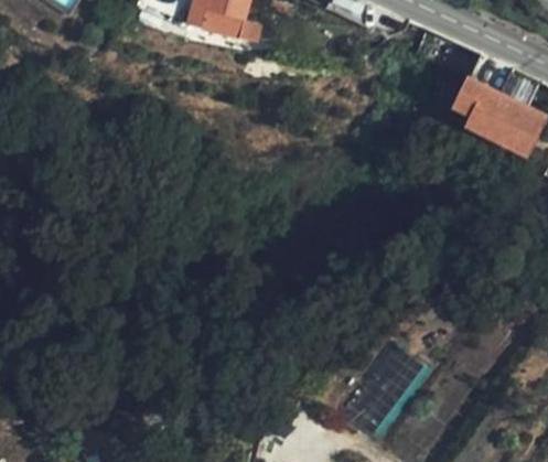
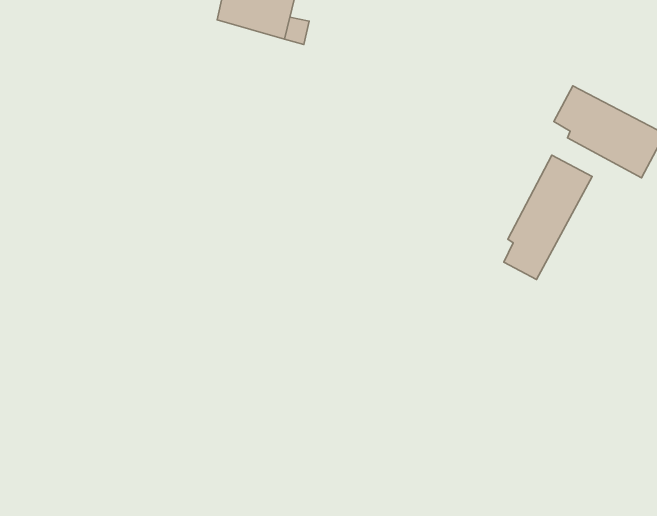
building: none -> [504,155,592,279]

